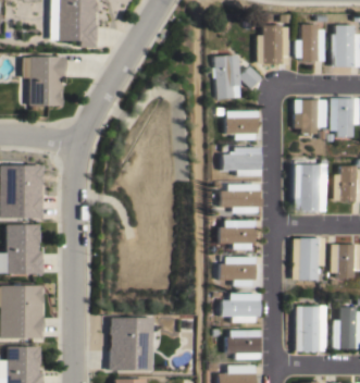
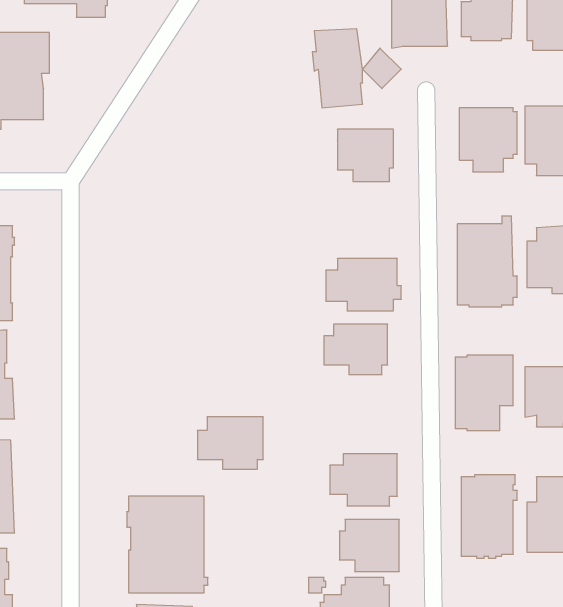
building: [223,147,262,177] -> none
building: [219,257,256,286] -> [197,417,263,469]

